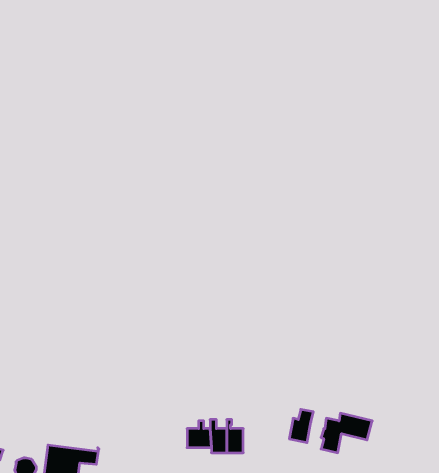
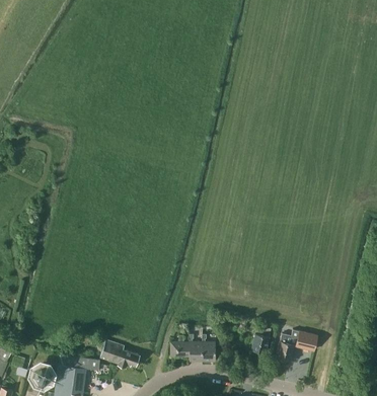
building: none -> [99,339,139,367]

